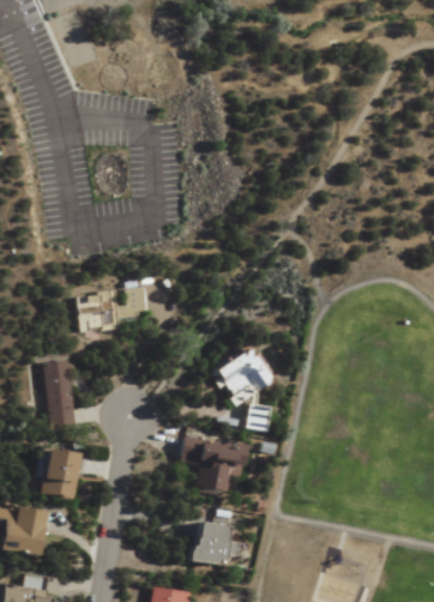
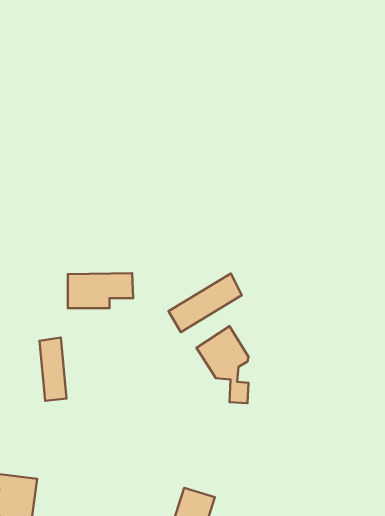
building: none -> [168,274,242,332]
building: [182,439,240,493] -> none
building: [40,449,79,498] -> none

